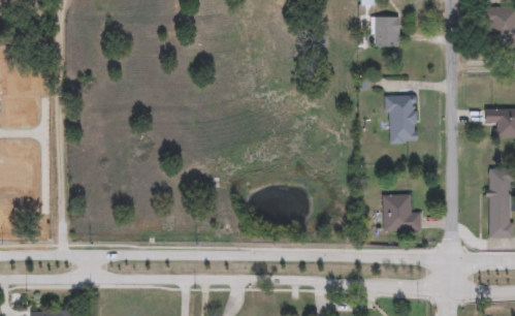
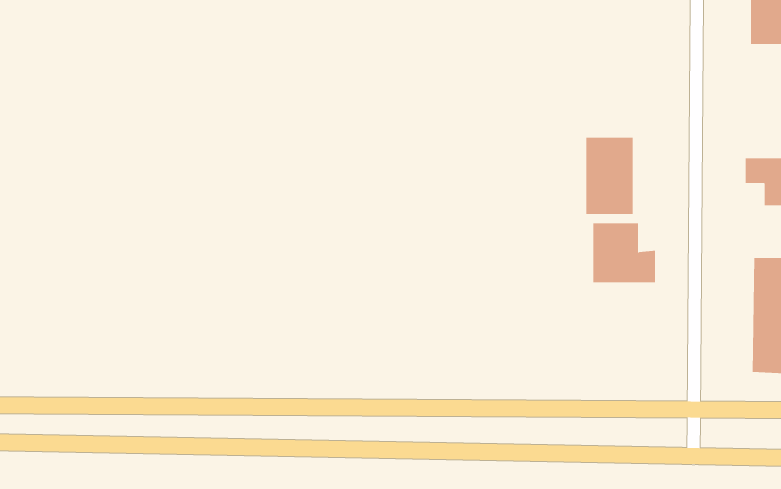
building: [374,17,399,45] -> none
building: [383,194,421,230] -> [592,223,656,283]

